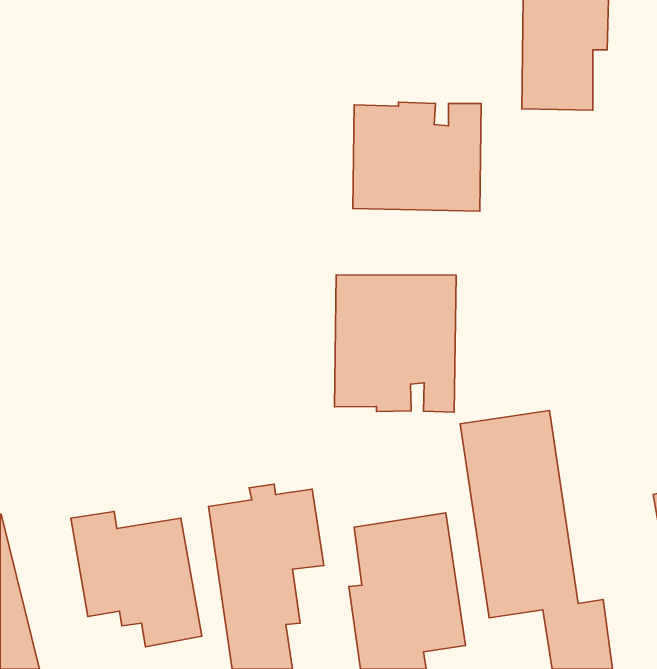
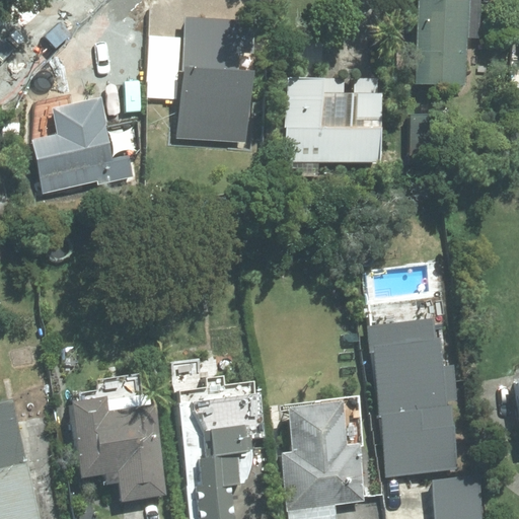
building: none -> [150,18,255,142]
building: none -> [38,67,139,199]
building: [335,275,456,412] -> none

